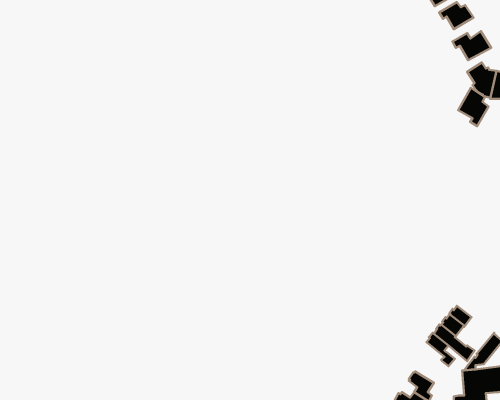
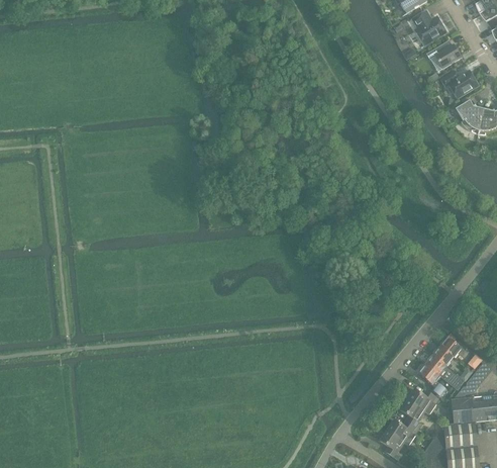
building: [458,88,489,126] -> none
building: none -> [405,388,437,413]

